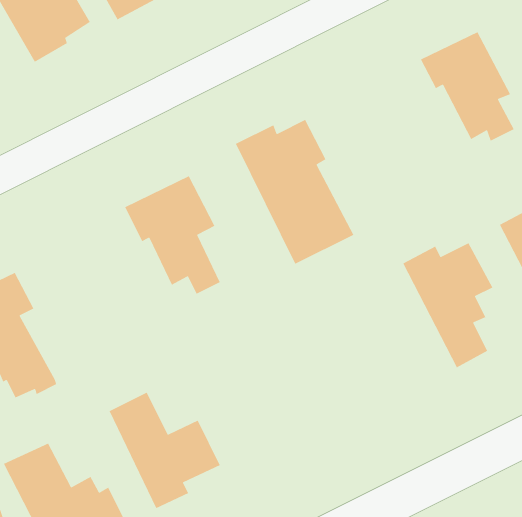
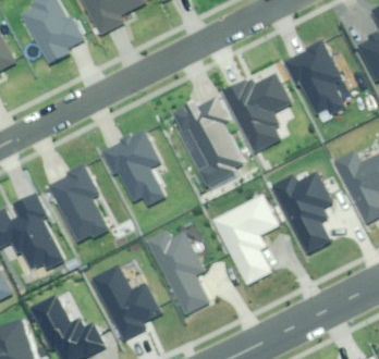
building: none -> [225,73,292,151]
building: none -> [50,162,109,242]
building: none -> [215,193,280,282]
building: none -> [149,230,209,313]

